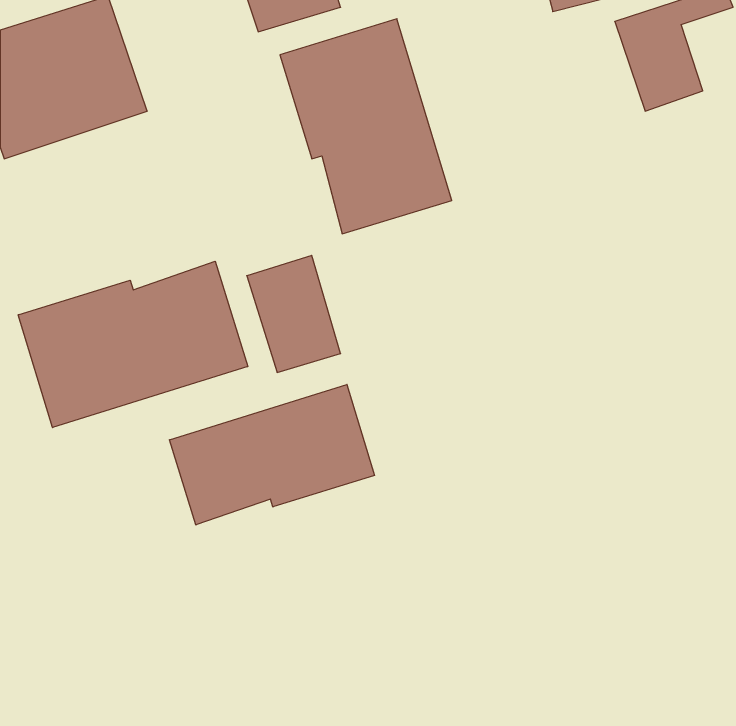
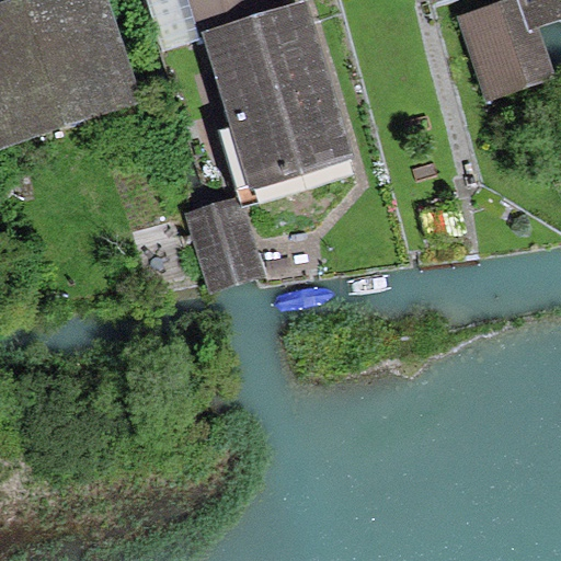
building: [18,261,248,428] -> none
building: [169,384,375,525] -> none

